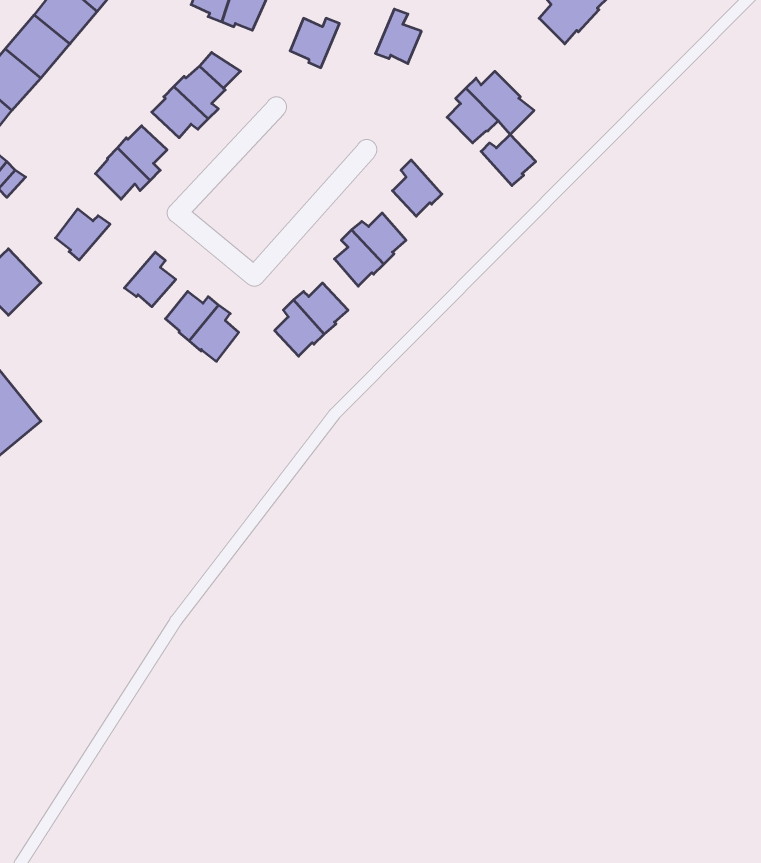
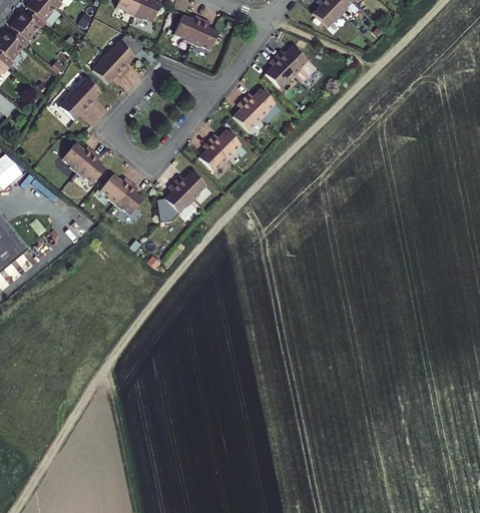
building: [375,9,421,64] -> [190,17,217,49]
building: [481,134,536,186] -> [244,87,276,117]
building: [55,209,110,260] -> [61,142,93,172]

